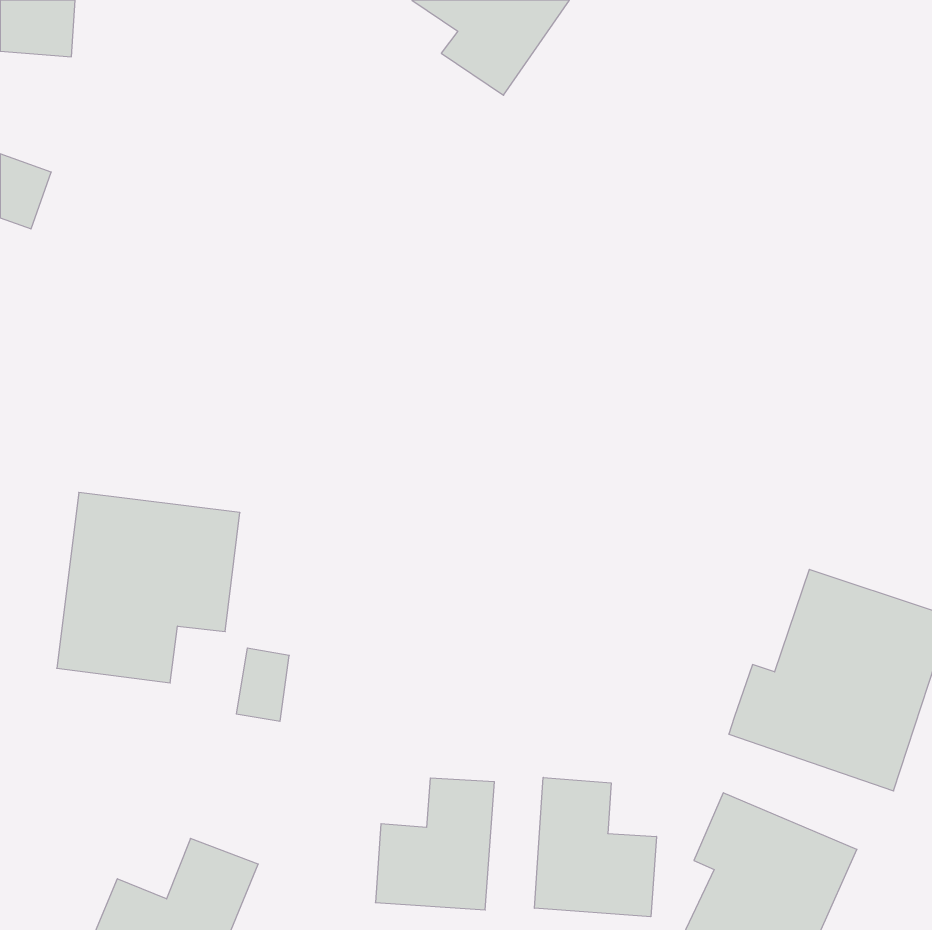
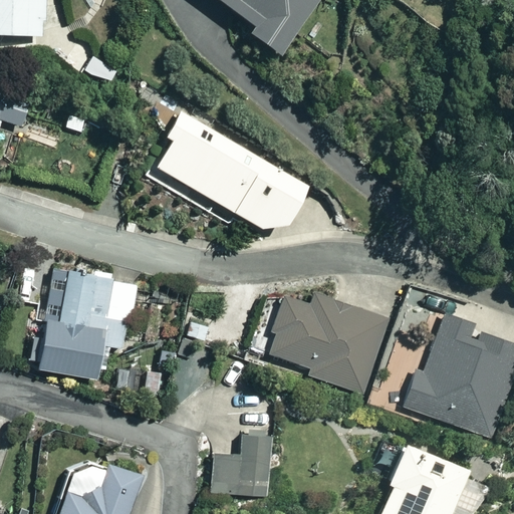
building: none -> [154,114,306,227]
building: none -> [268,288,392,399]
building: [534,777,656,917] -> none

